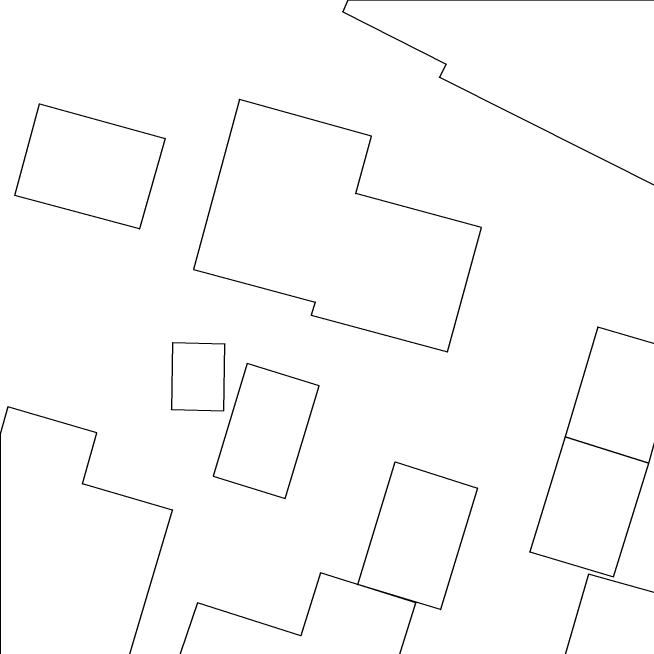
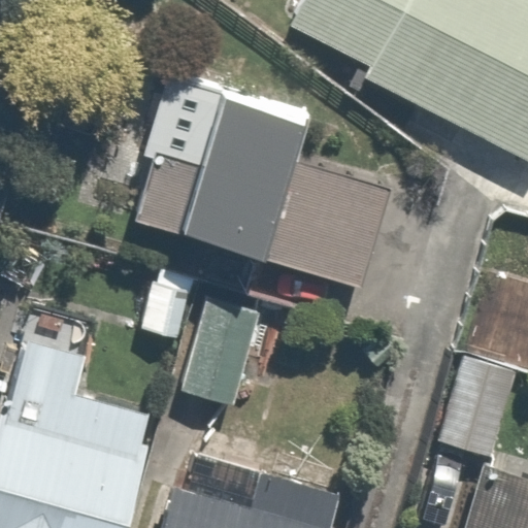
building: [15,104,165,229] -> none
building: [358,462,477,610] -> none

